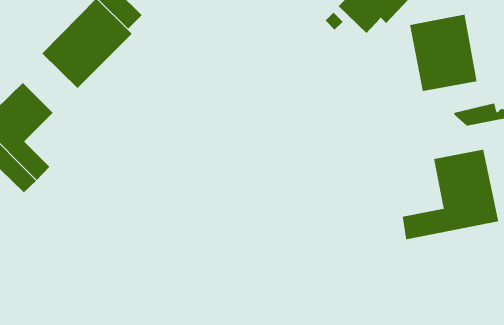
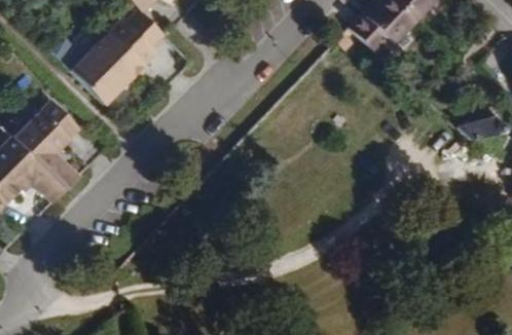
building: [409,14,477,92] -> none
building: [402,149,499,240] -> none

